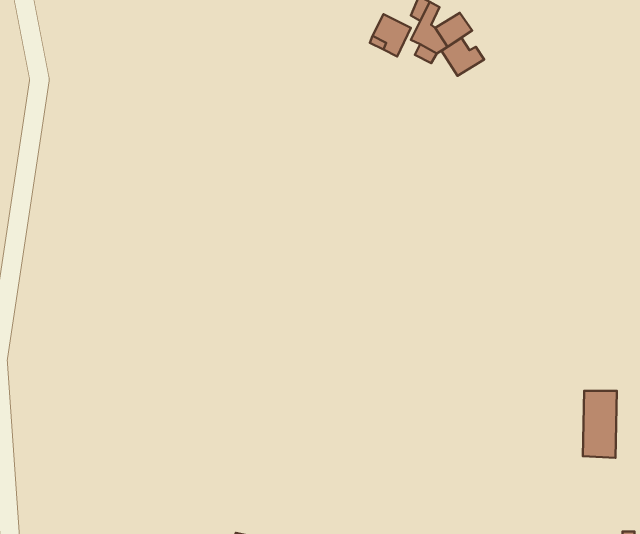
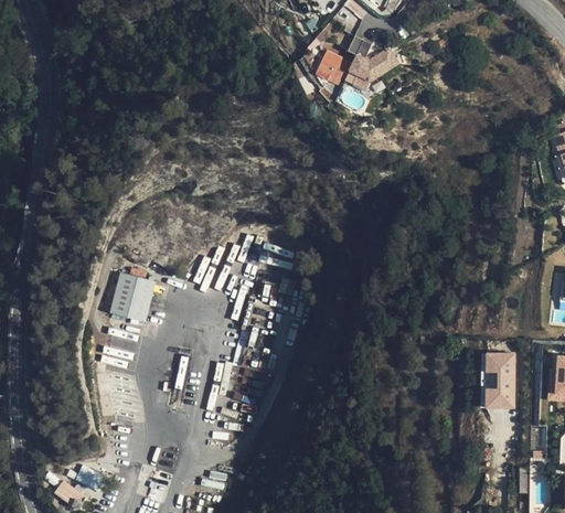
building: [441,38,484,76] -> none
building: none -> [109,271,156,320]

